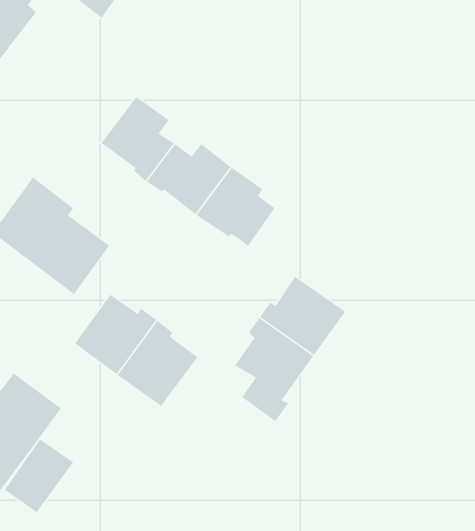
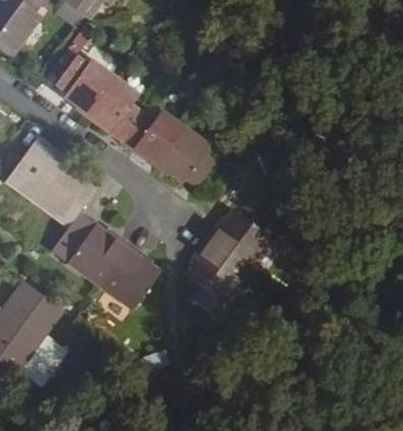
building: none -> [54,56,113,112]

